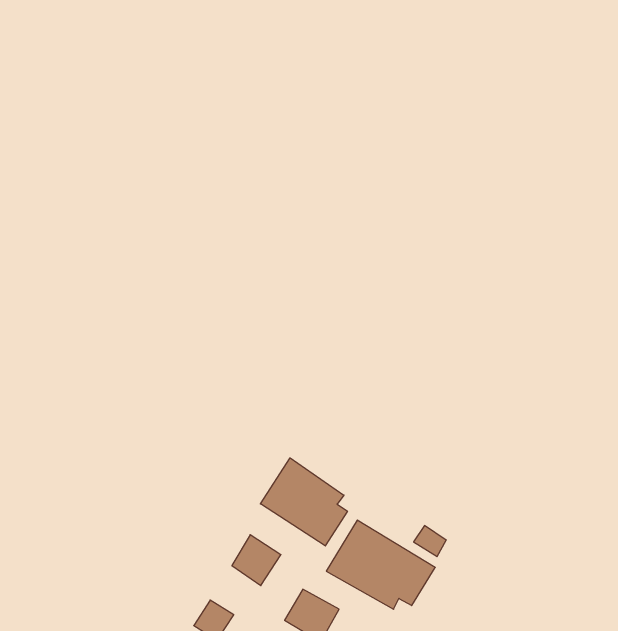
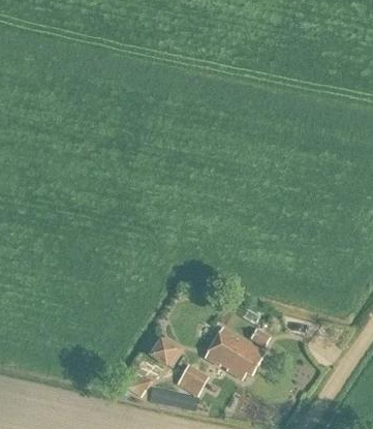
building: [260,458,347,546] -> none

